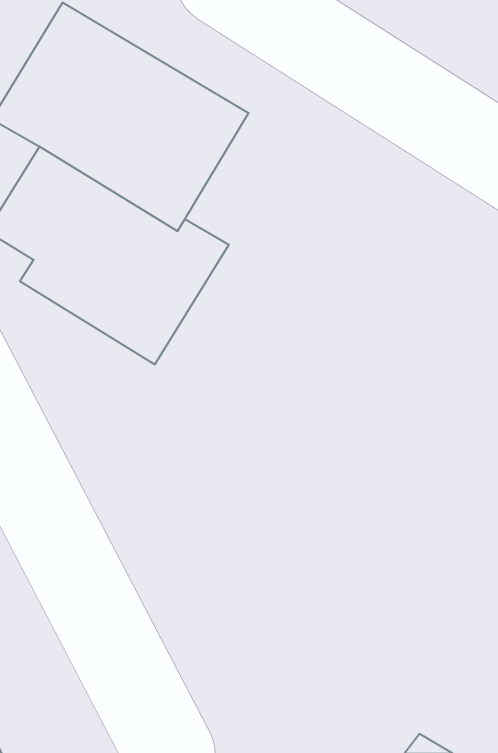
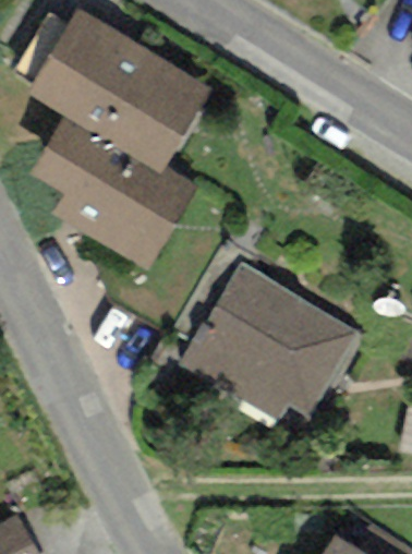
building: none -> [184,263,360,418]

